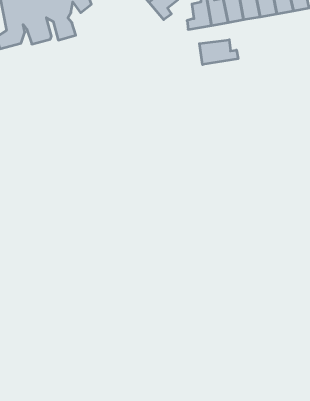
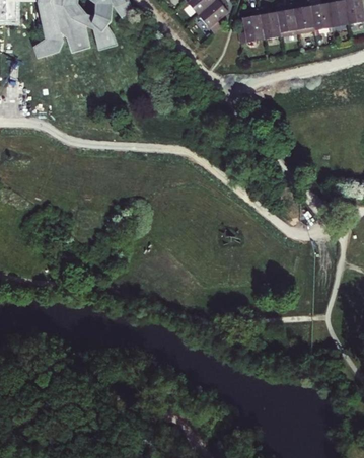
building: [199,40,238,65] -> none

